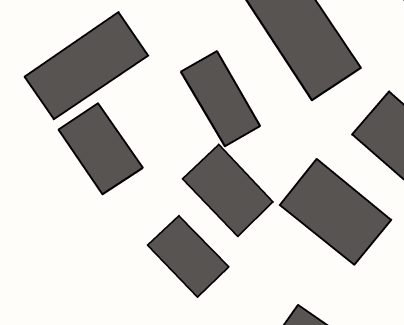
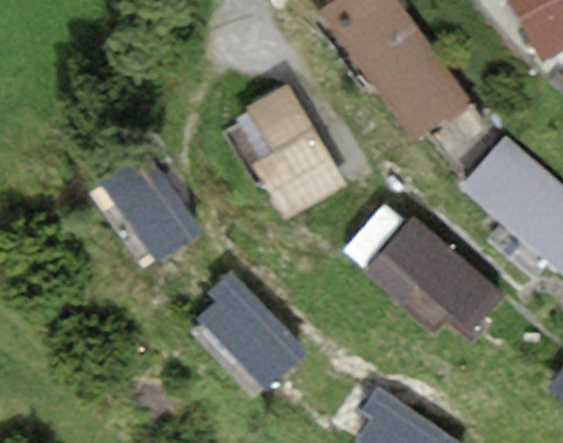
building: [25,12,148,119] -> none
building: [183,144,273,236] -> none

